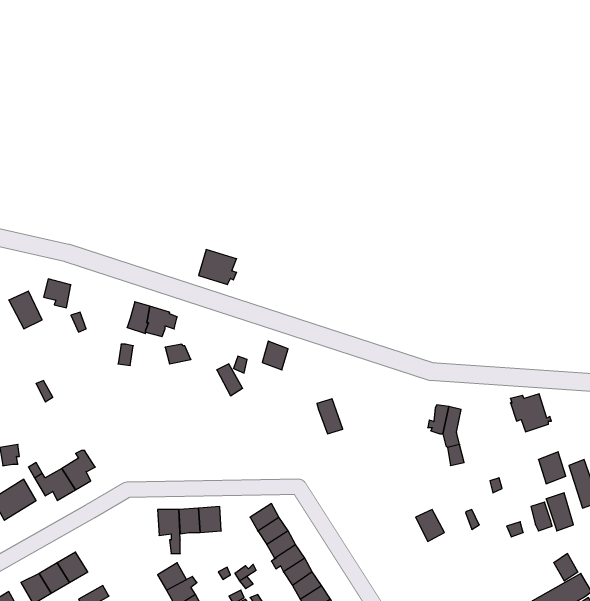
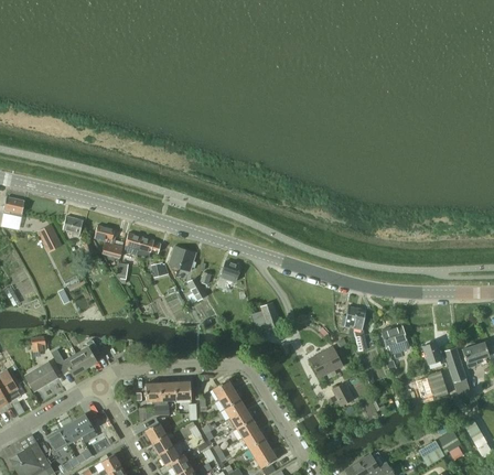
building: [199,250,237,285] -> [169,246,196,271]
building: none -> [95,225,122,258]
building: [510,394,551,432] -> [382,326,411,354]
building: none -> [311,348,342,377]

